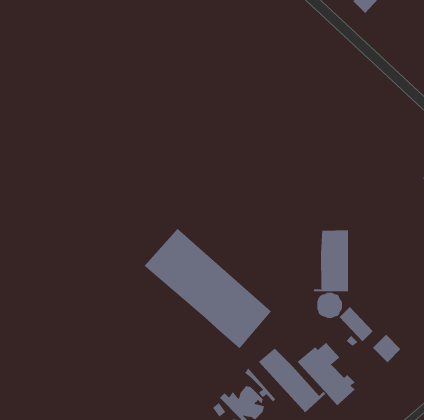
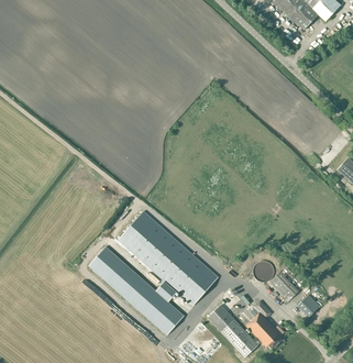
building: [313,229,349,292] -> none
building: none -> [88,246,184,334]

